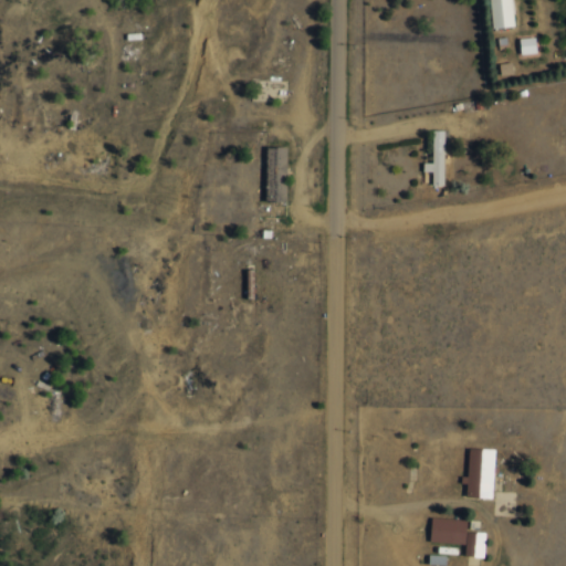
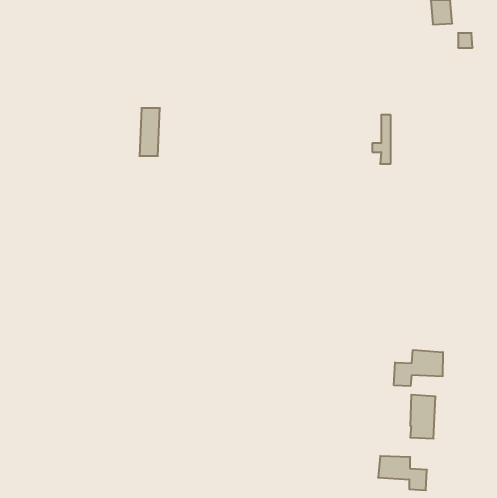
building: [265,147,289,201] -> [139,108,160,156]
building: none -> [394,350,443,386]

